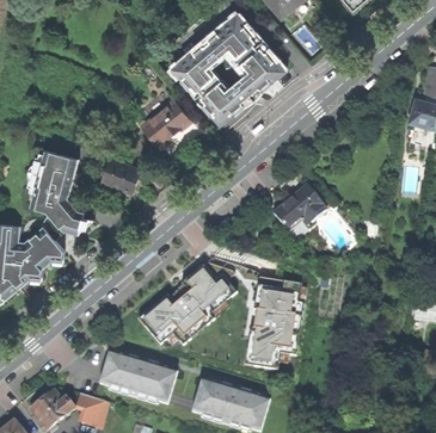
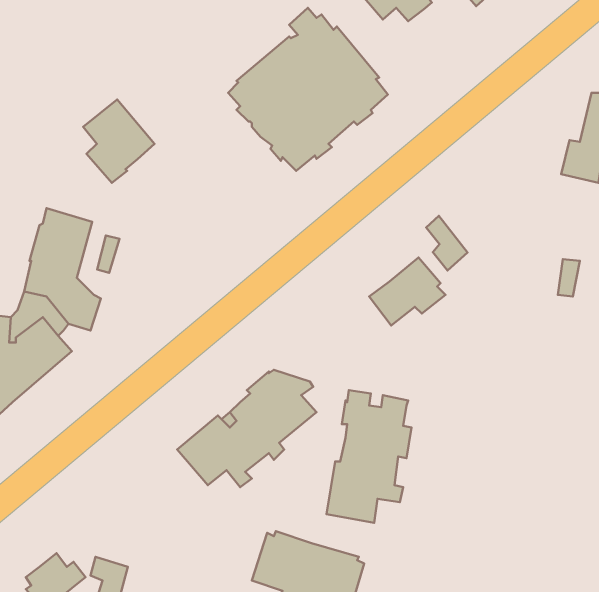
building: [141,88,191,147] -> [83,100,154,183]
building: none -> [426,216,468,270]
building: [104,160,141,193] -> none
building: [98,348,177,403] -> none

